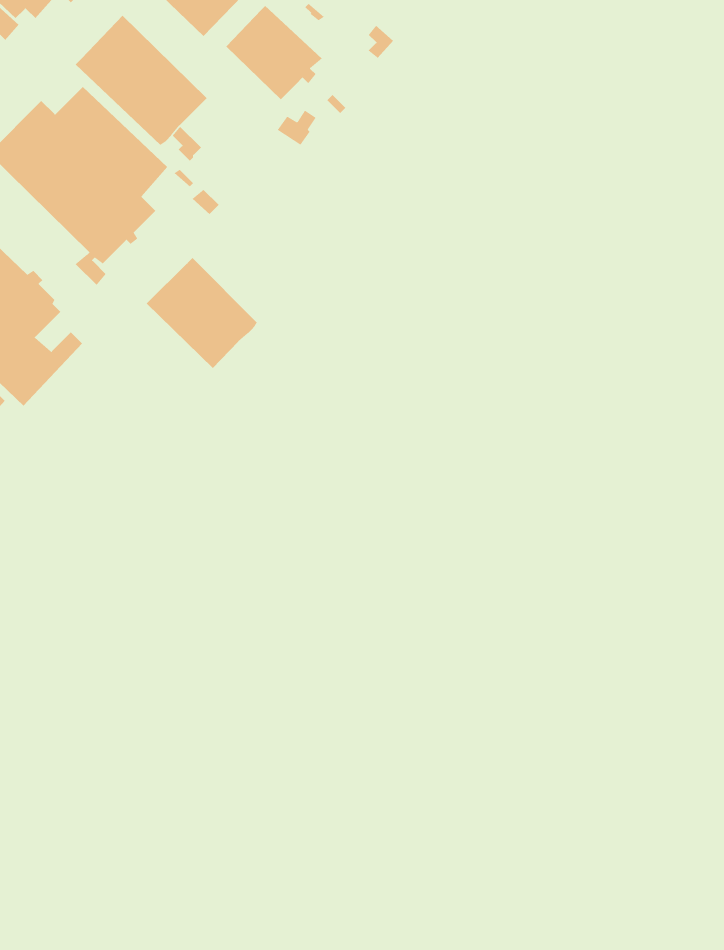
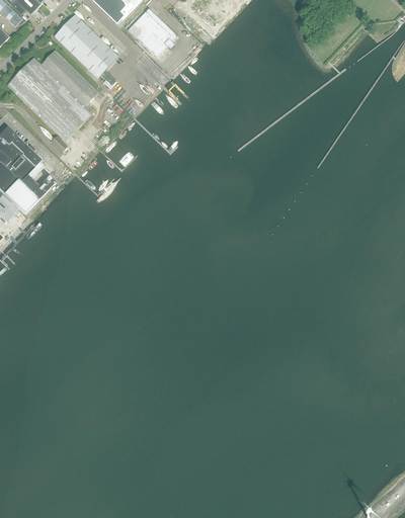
building: [146,257,258,369] -> none

